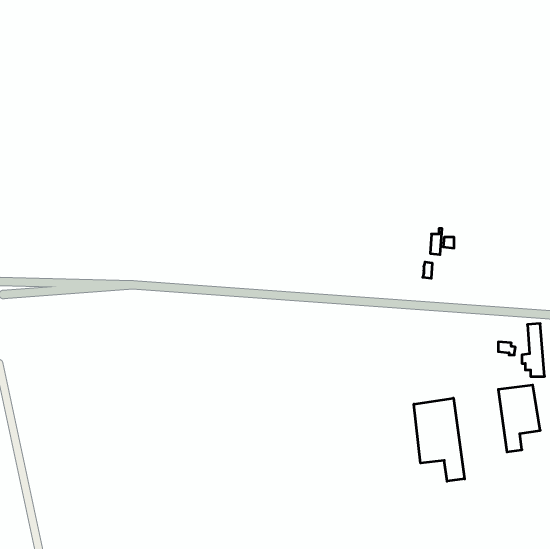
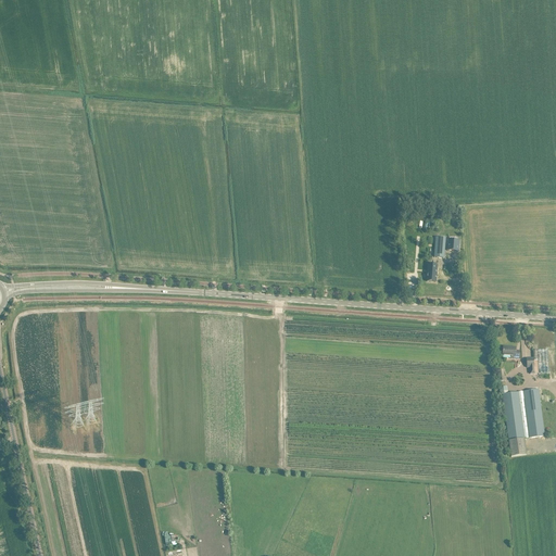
building: [414,398,465,481] -> none

